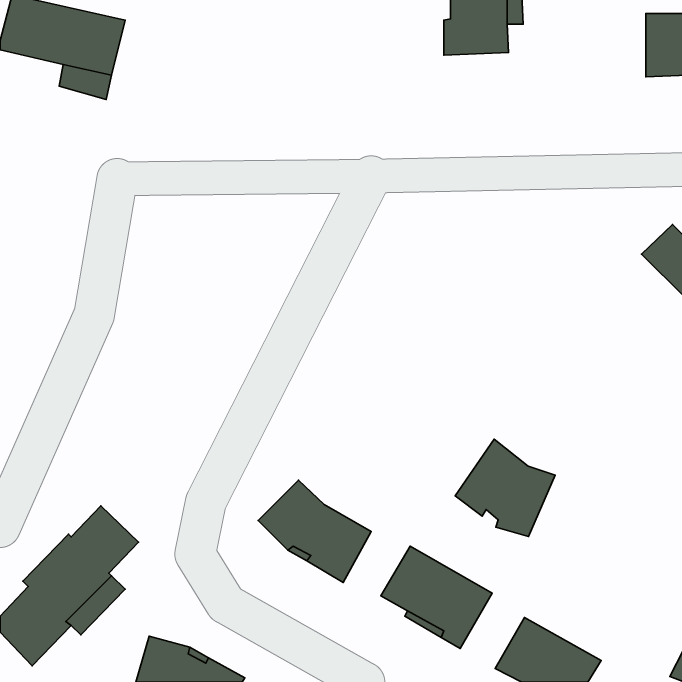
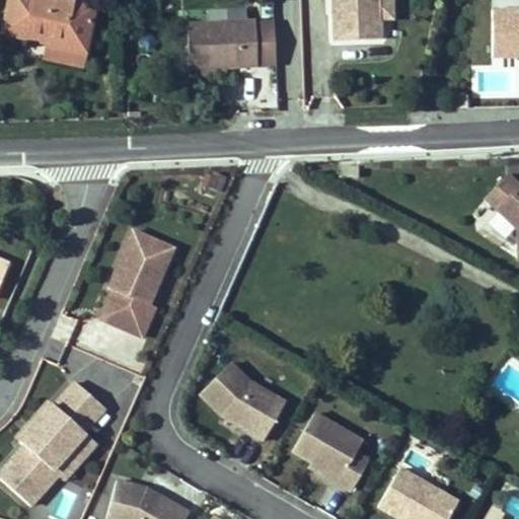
building: none -> [189,21,280,72]
building: none -> [104,222,178,329]
building: [455,439,555,536] -> none

